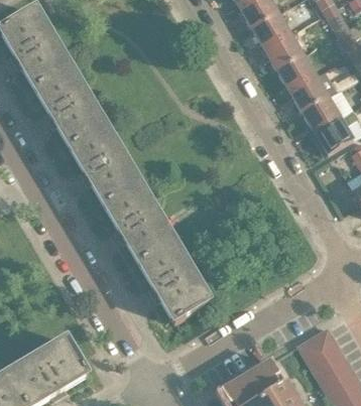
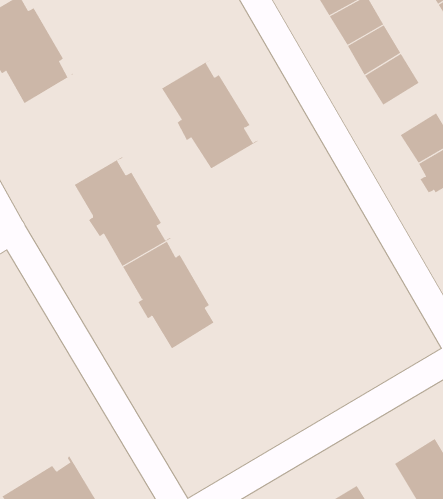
building: [33,65,103,144] -> [161,59,259,169]
building: [288,72,327,109] -> none
building: [138,240,208,319] -> none

